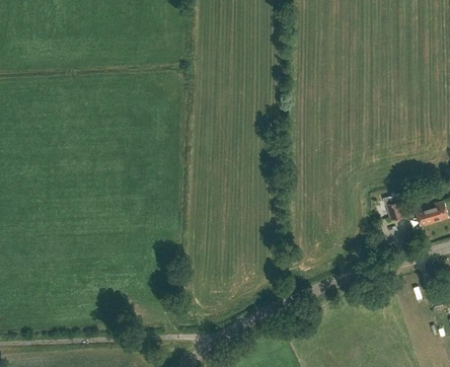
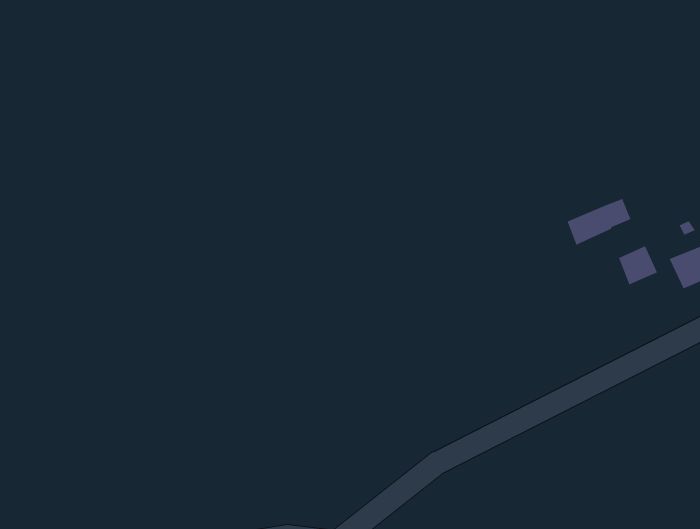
building: none -> [567,198,631,246]

